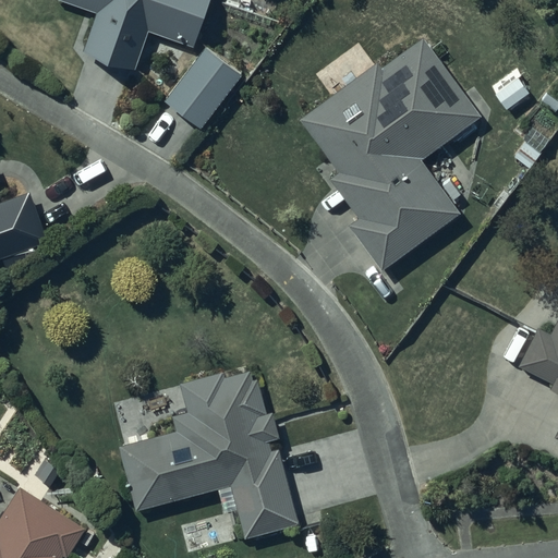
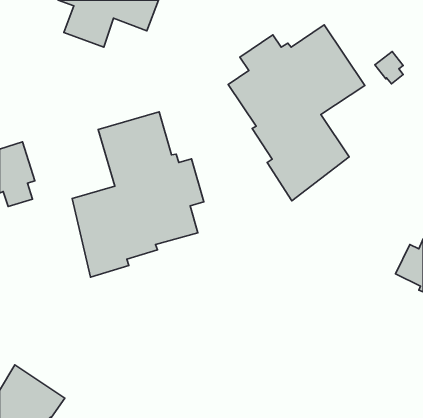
building: [166,47,242,128] -> none
building: none -> [72,112,204,277]
building: [119,372,299,537] -> none

